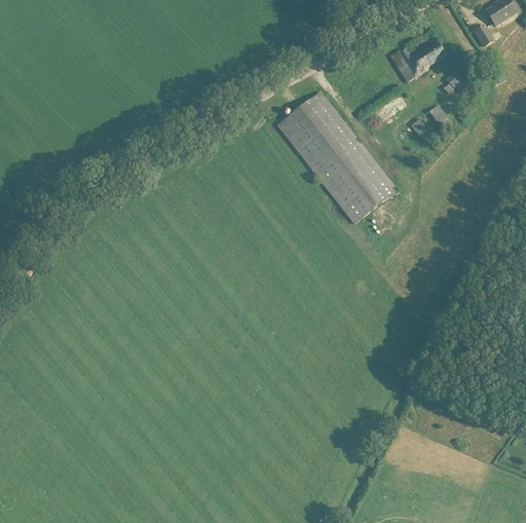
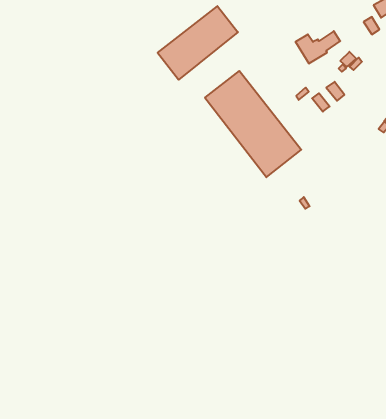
building: none -> [158,6,238,80]

